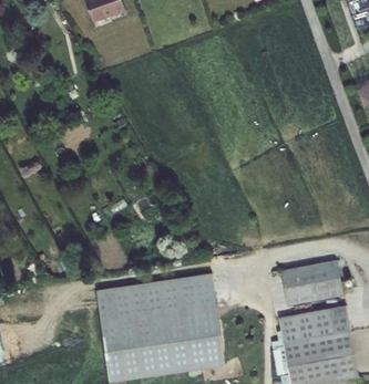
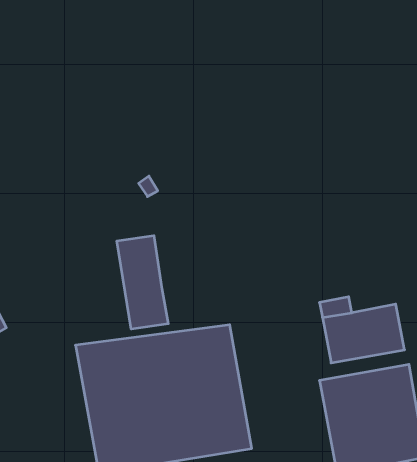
building: none -> [117,236,168,329]

